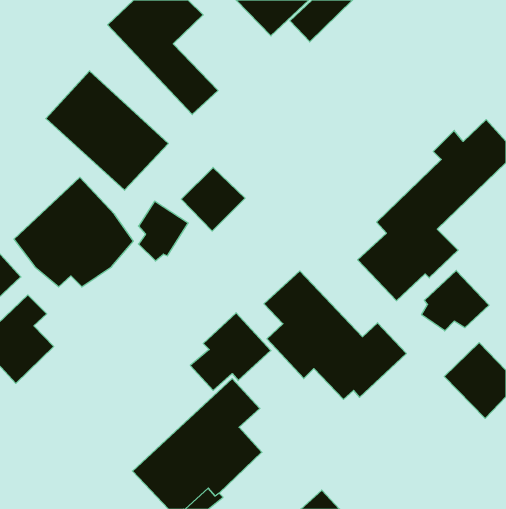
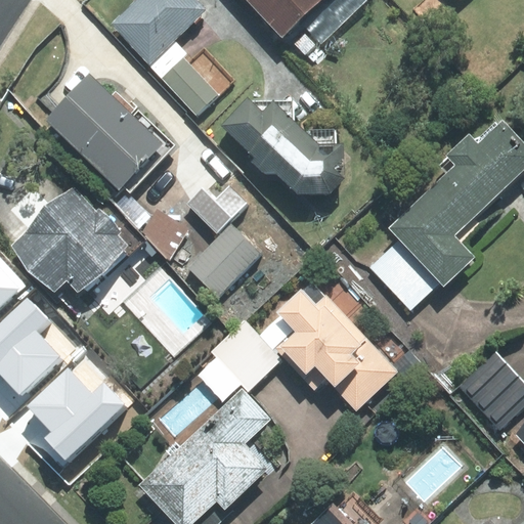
building: none -> [229,98,349,194]
building: none -> [190,224,266,299]
building: [422,270,489,331] -> none
building: none -> [29,373,124,463]

